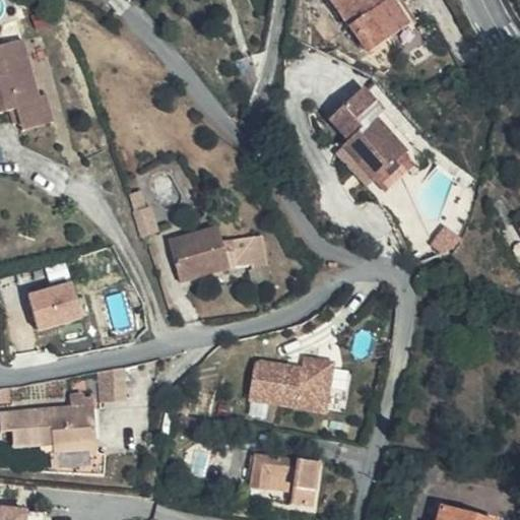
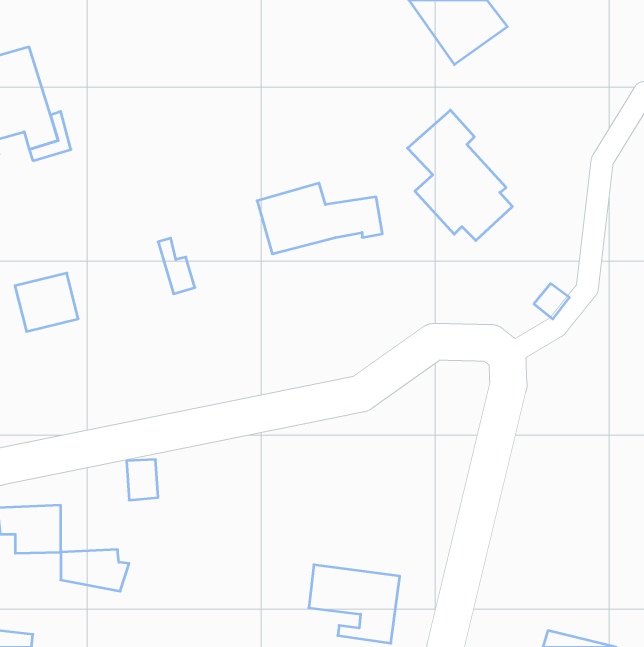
building: [166,224,266,281] -> [257,183,382,254]
building: [30,282,81,329] -> [15,273,78,331]
building: [250,354,336,412] -> none
building: [49,395,94,443] -> none

